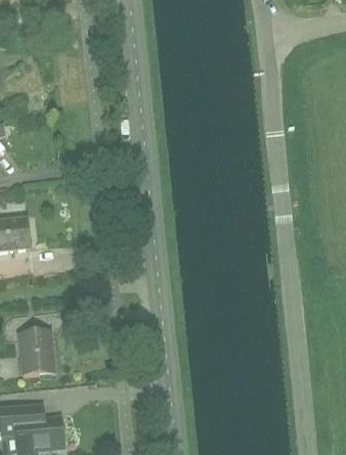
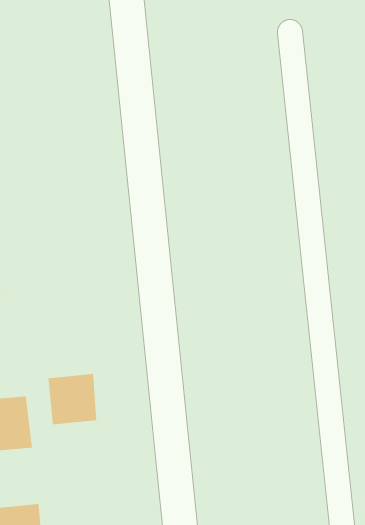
building: none -> [48,373,97,425]

